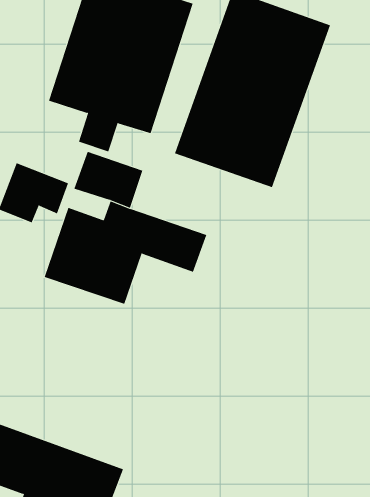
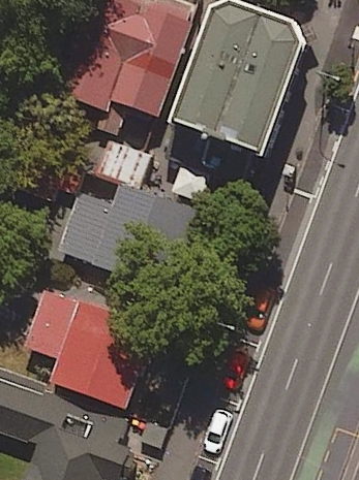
building: none -> [20,283,149,407]

